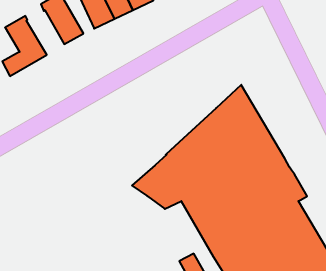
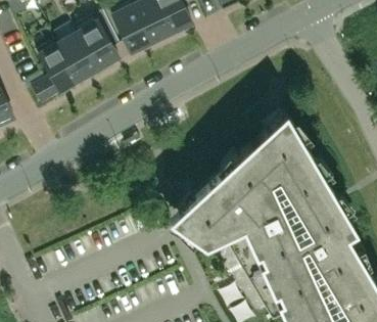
building: none -> [58,33,98,80]

